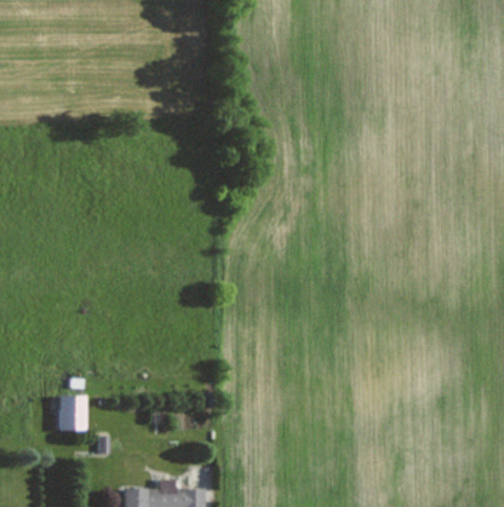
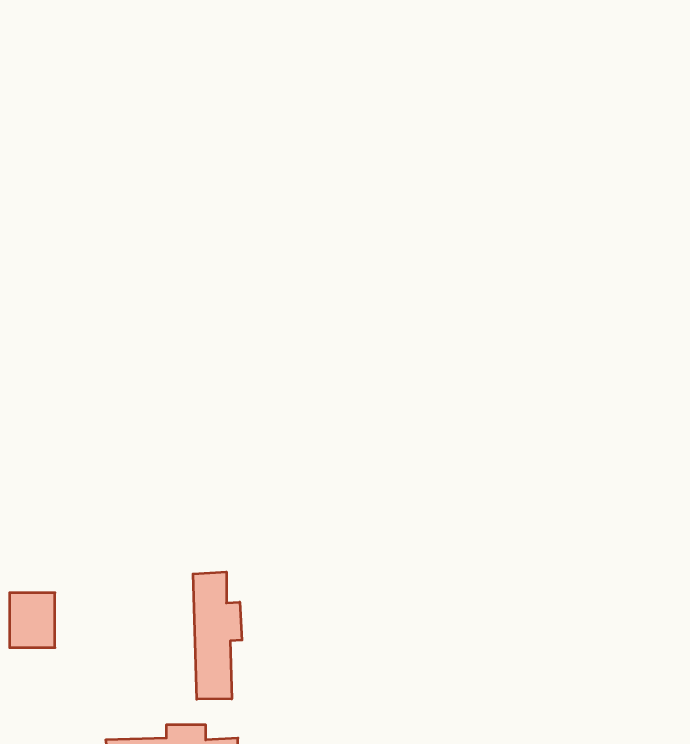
building: none -> [193,572,242,699]

